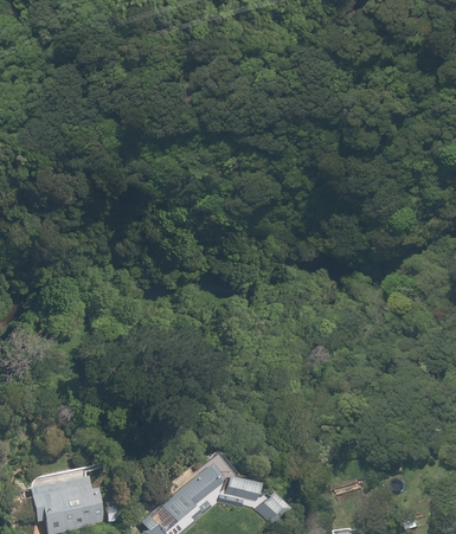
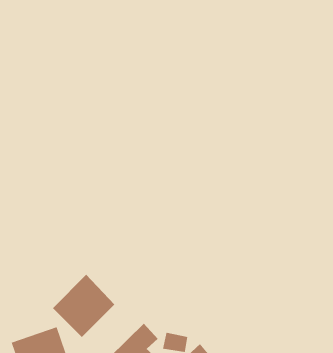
building: none -> [52,274,115,338]

